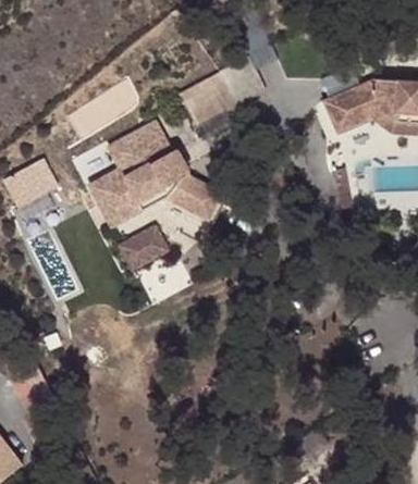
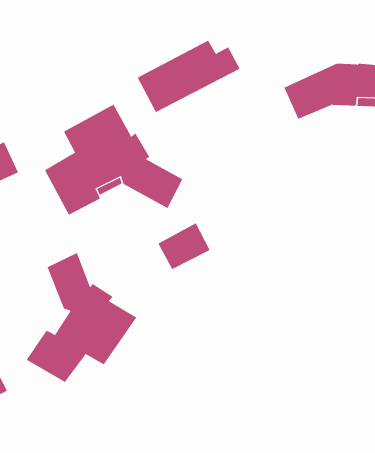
building: [118,224,170,271] -> [157,223,210,270]
building: none -> [26,252,137,383]

